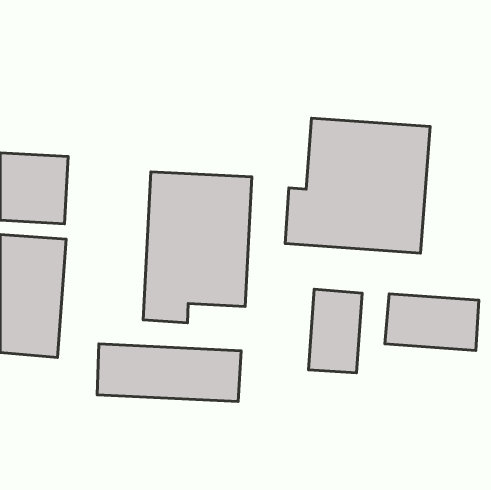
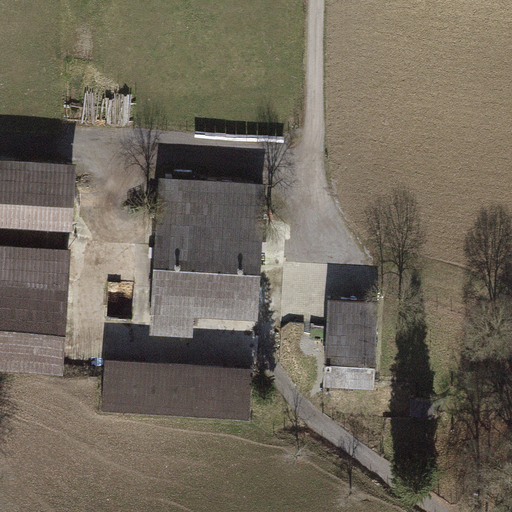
building: [285,118,430,253] -> none
building: [385,294,479,350] -> none

